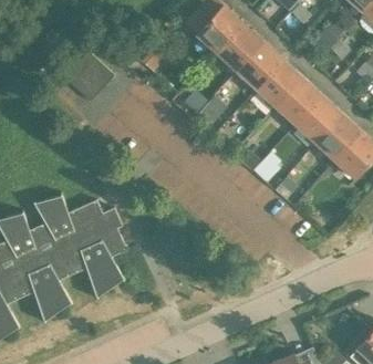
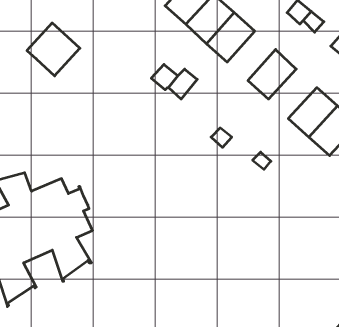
building: [256,59,302,106] -> none
building: [296,95,342,143] -> none

